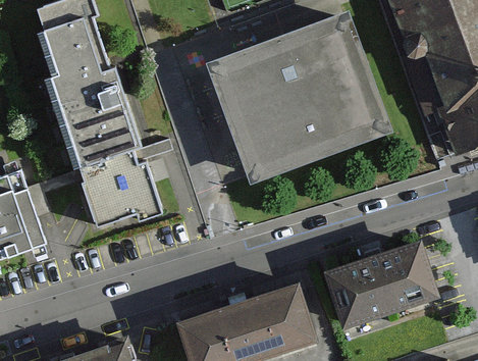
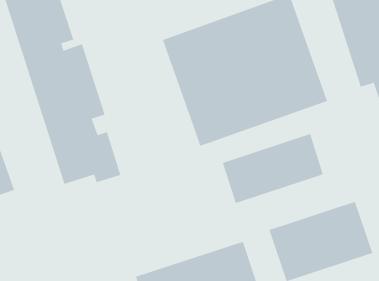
building: none -> [222,133,324,204]

